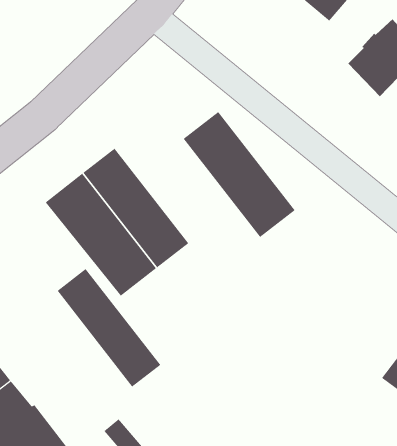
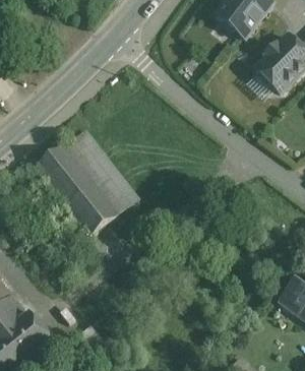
building: [183,111,295,238] -> none
building: [57,268,161,387] -> none

